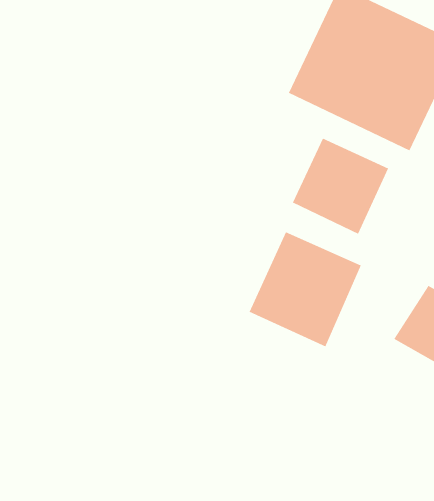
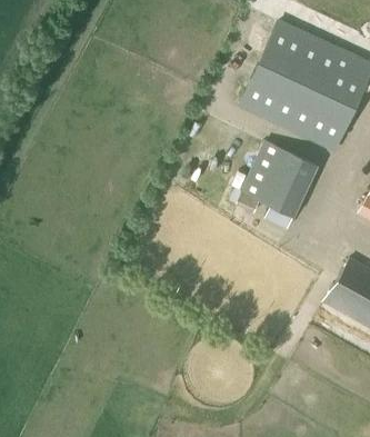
building: [249,231,362,348] -> none

